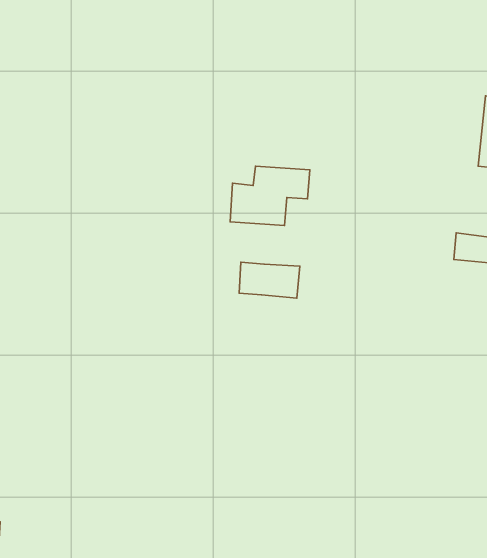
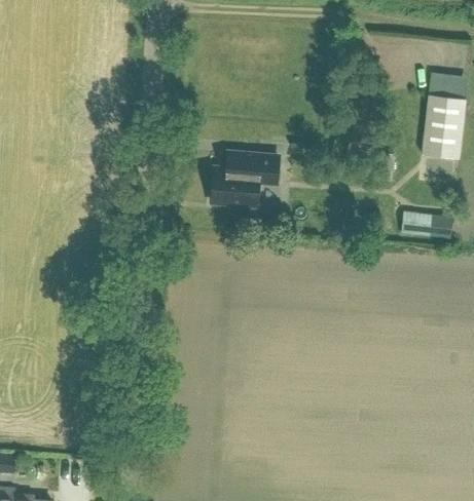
building: [239,262,300,298] -> none

